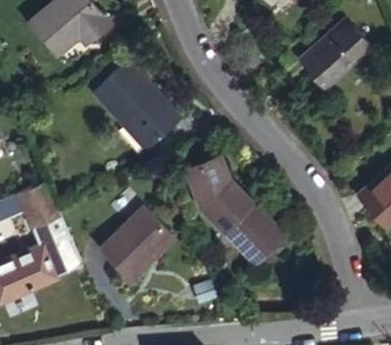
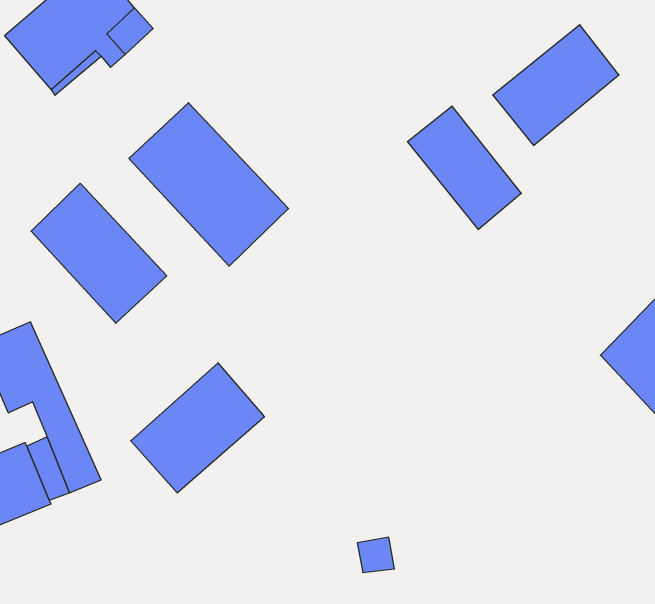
building: none -> [408,106,521,230]
building: none -> [31,183,167,323]
building: [186,155,285,264] -> none

